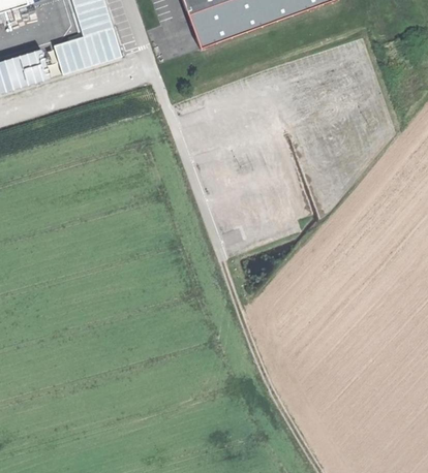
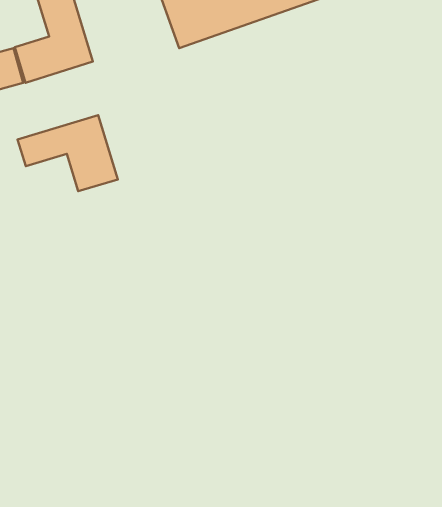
building: none -> [18,115,118,191]

